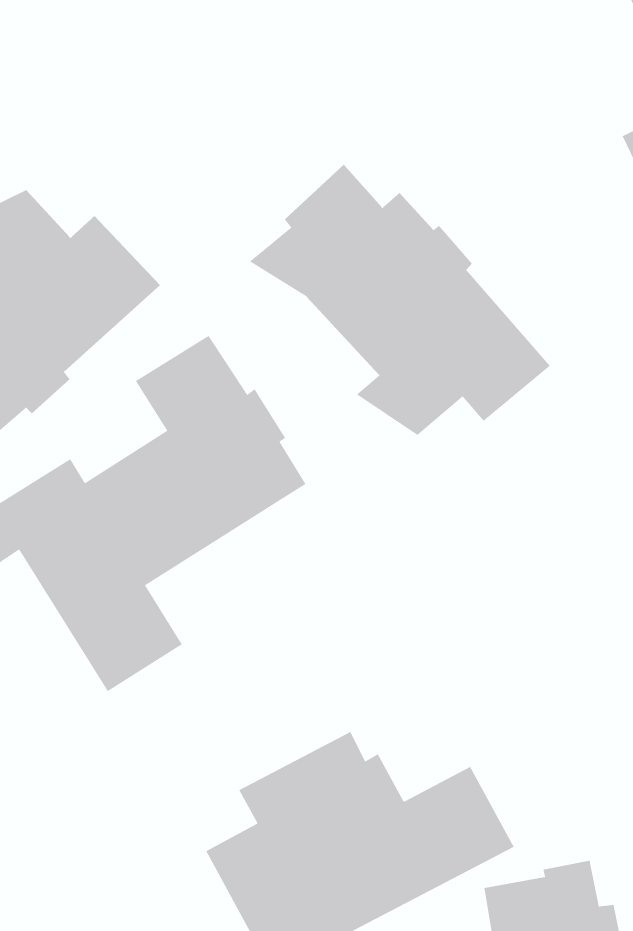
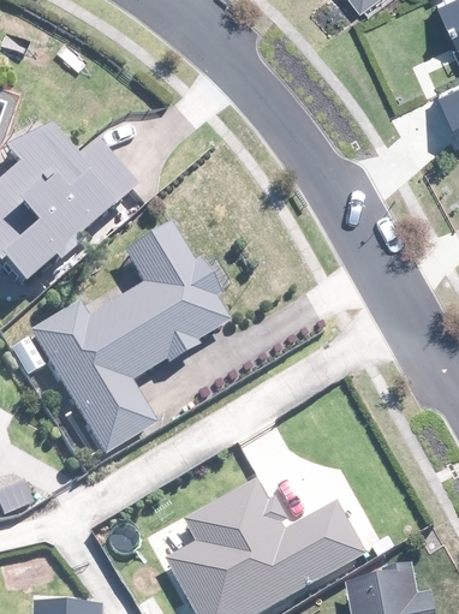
building: [249,164,551,436] -> none

